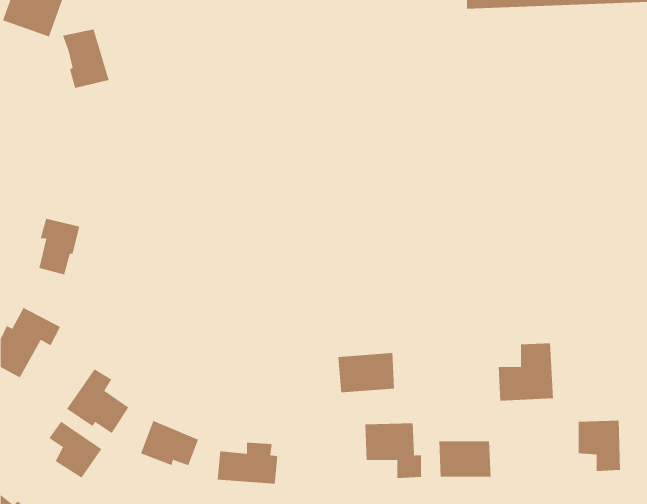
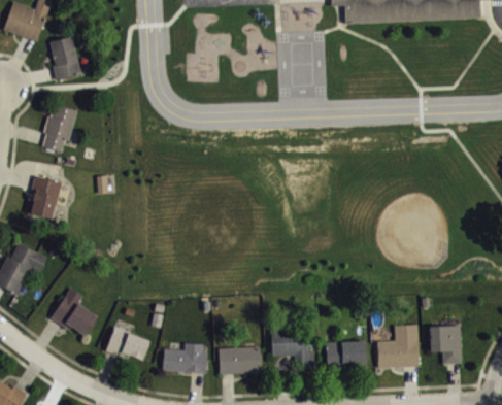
building: none -> [42,104,76,151]
building: [498,343,554,401] -> [377,324,419,367]
building: [338,353,395,393] -> [217,345,260,375]
building: [48,421,102,479] -> none

